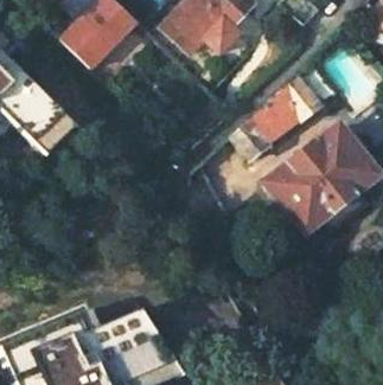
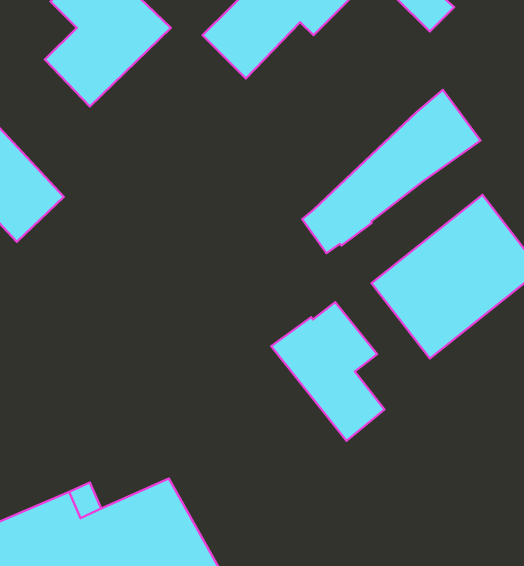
building: none -> [271,302,385,441]

